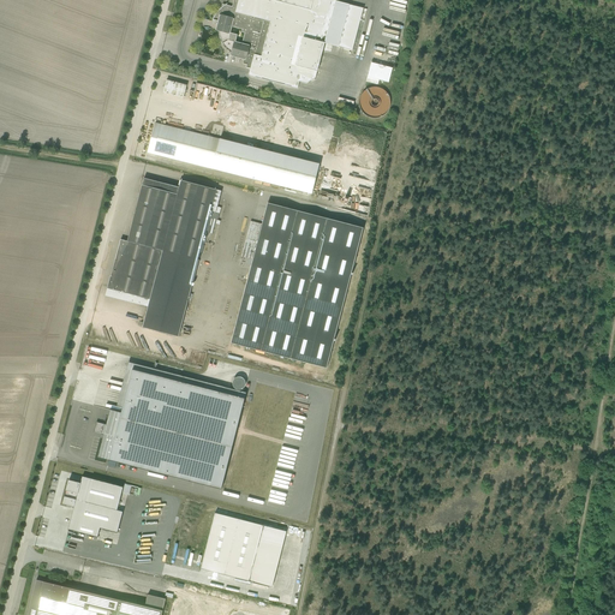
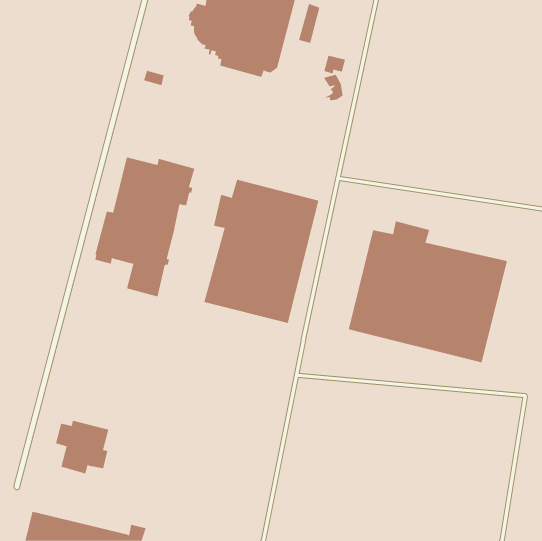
building: [148,123,320,195] -> none
building: none -> [348,220,508,363]
building: [94,362,246,488] -> none
building: [201,512,286,586] -> none

